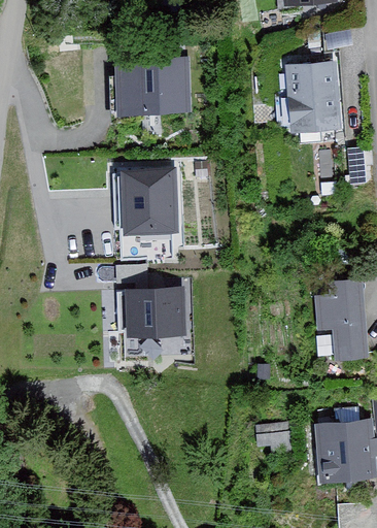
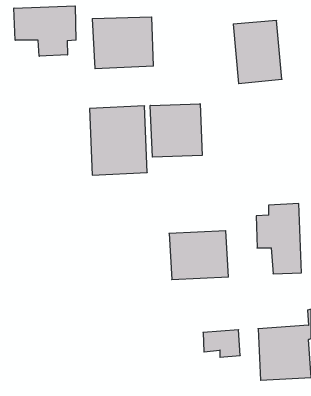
building: none -> [14,6,76,56]
building: none -> [150,104,202,157]
building: [128,279,197,336] -> [169,231,228,280]

